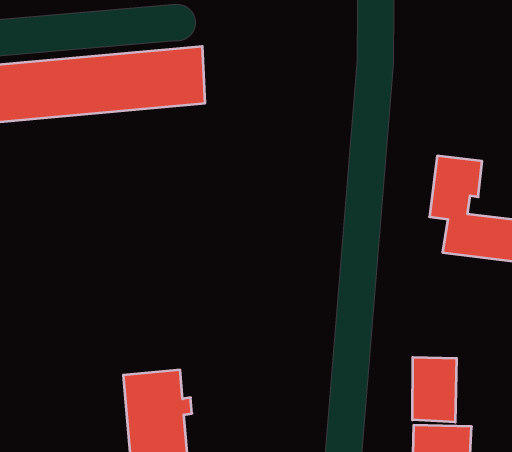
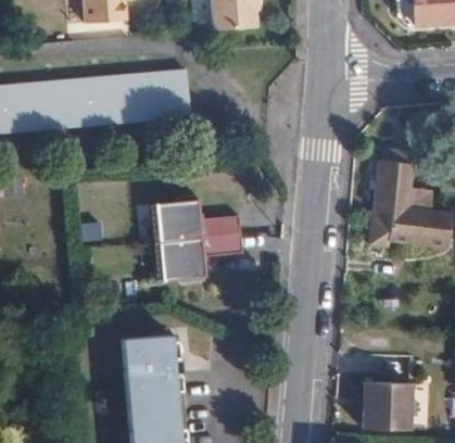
building: none -> [156,194,243,282]
building: [412,357,457,422] -> none

